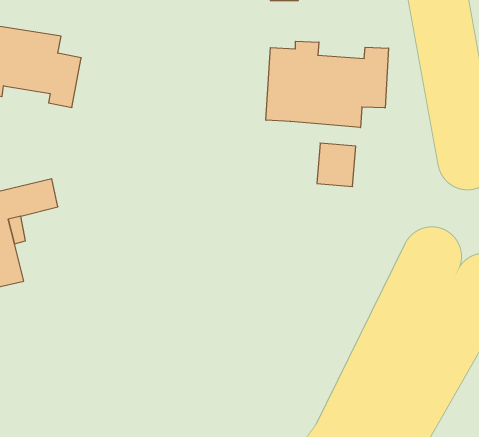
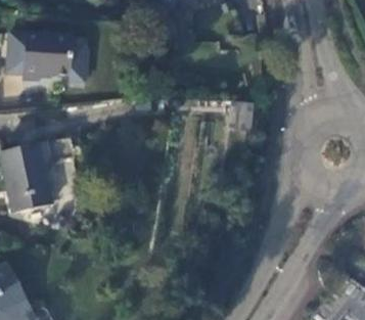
building: [266,41,389,128] -> none

